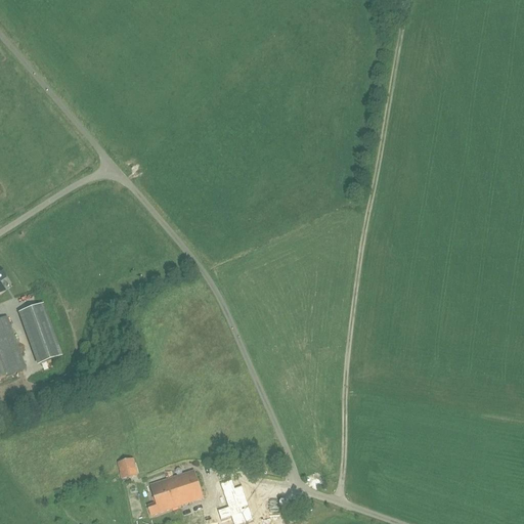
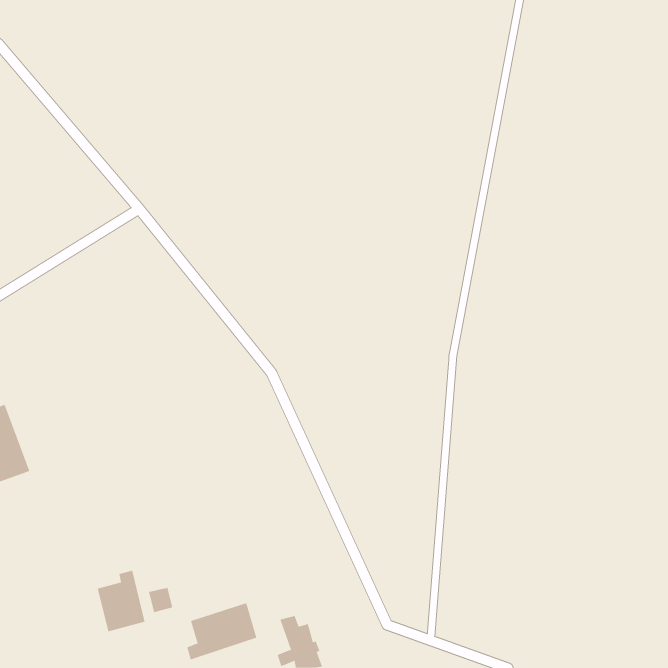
building: [21,304,58,361] -> none
building: none -> [97,570,145,632]

